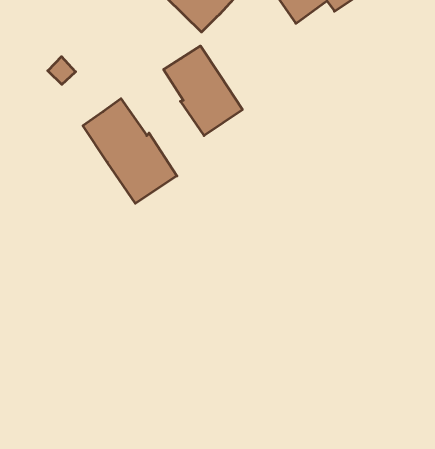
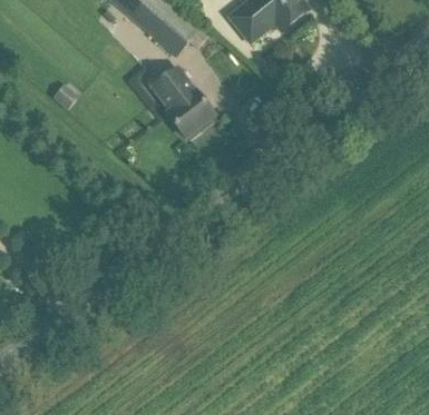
building: [83,99,177,203] -> none

